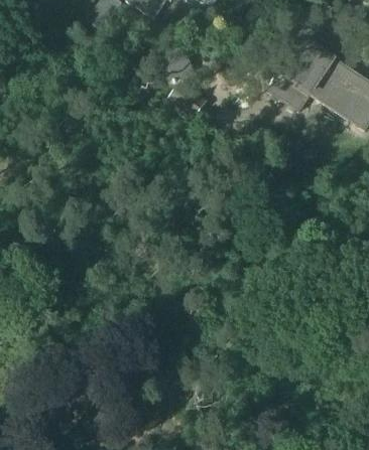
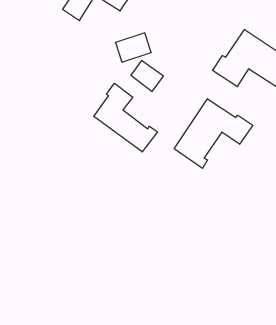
building: none -> [94,83,158,152]
building: none -> [174,99,253,168]

